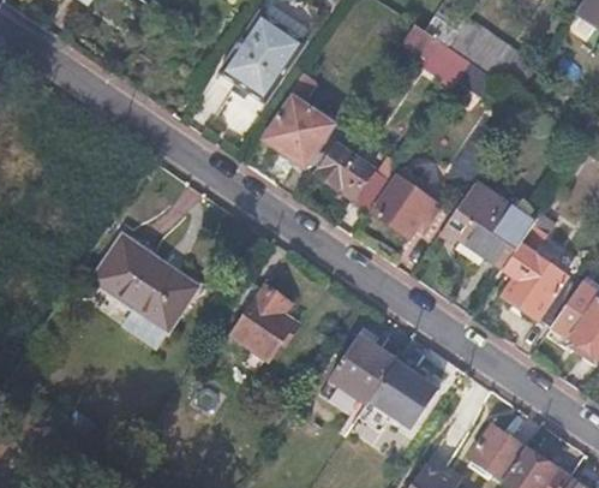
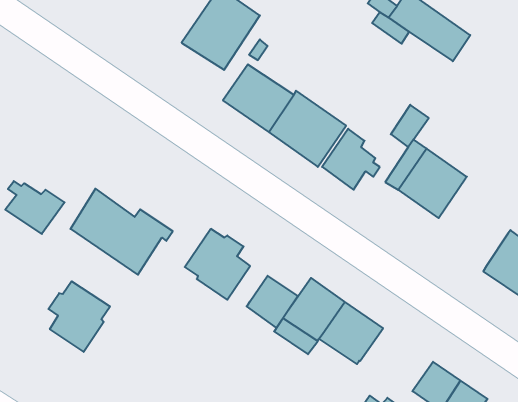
building: [501,224,577,321] -> none
building: none -> [5,181,65,234]
building: none -> [247,276,298,328]
building: none -> [48,281,110,352]

